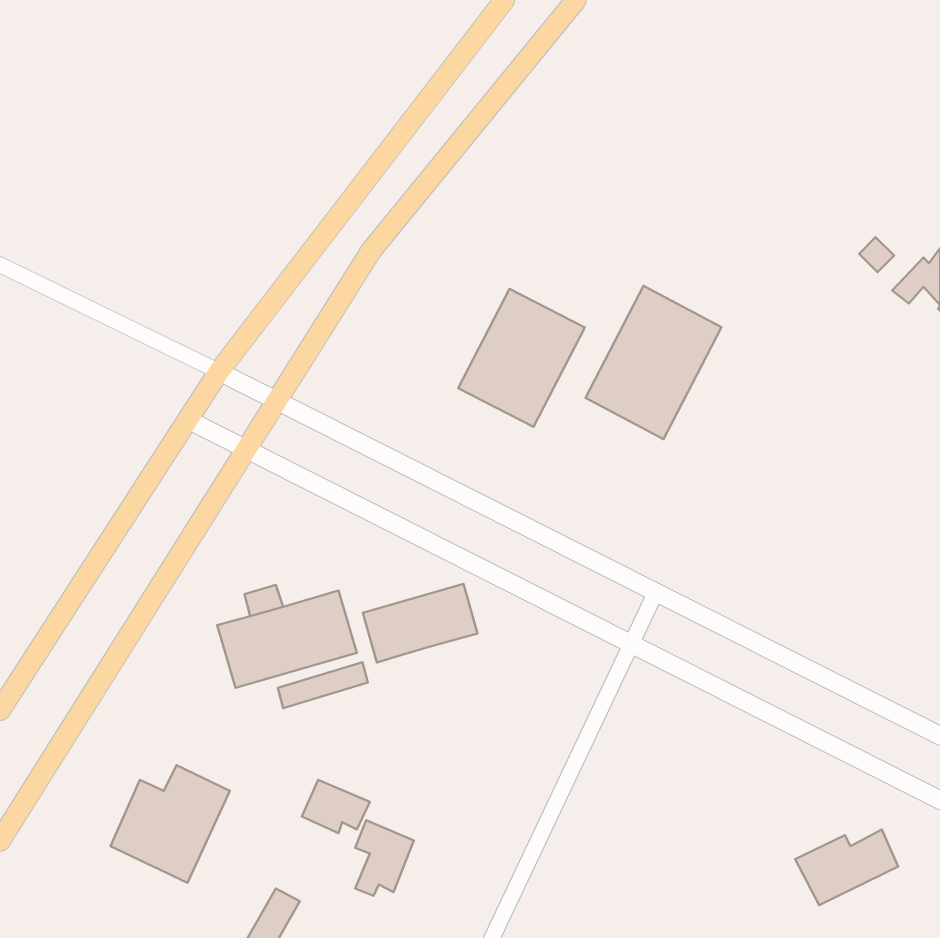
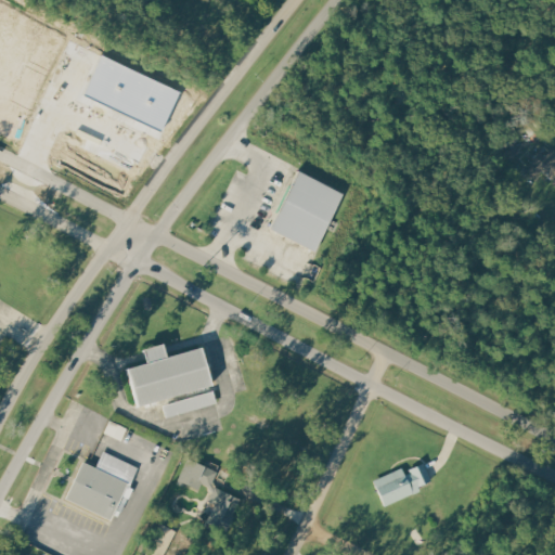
building: none -> [86,50,179,127]
building: [585,286,722,439] -> none
building: [363,584,477,662] -> none
building: [795,830,898,905] -> [372,464,433,508]

